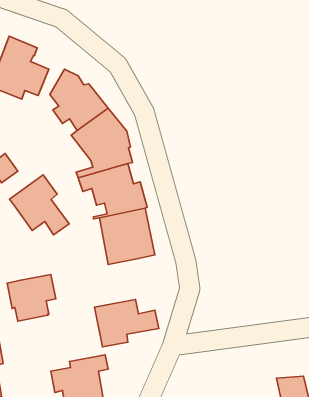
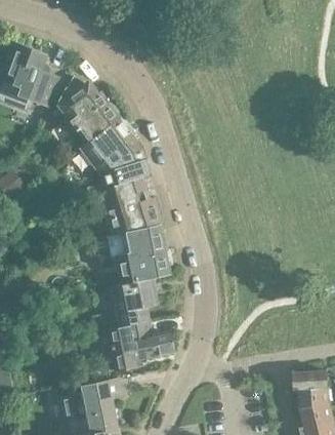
building: [10,175,69,235] -> none
building: [7,274,56,321] -> [107,280,158,329]
building: none -> [290,370,327,406]

